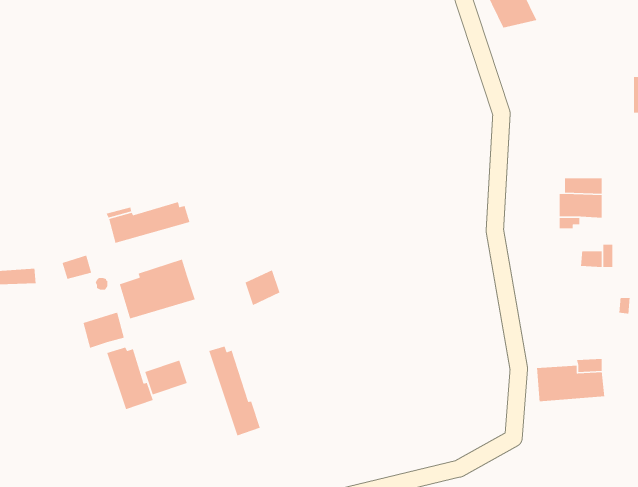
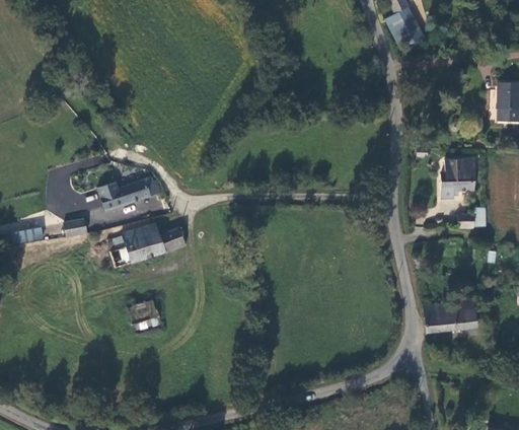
building: [245,269,281,306] -> [158,224,186,253]
building: [82,312,125,349] -> none
building: [208,345,261,437] -> none
building: [106,346,154,410] -> none

